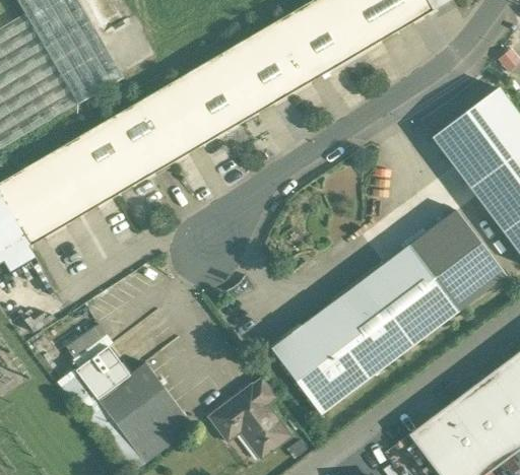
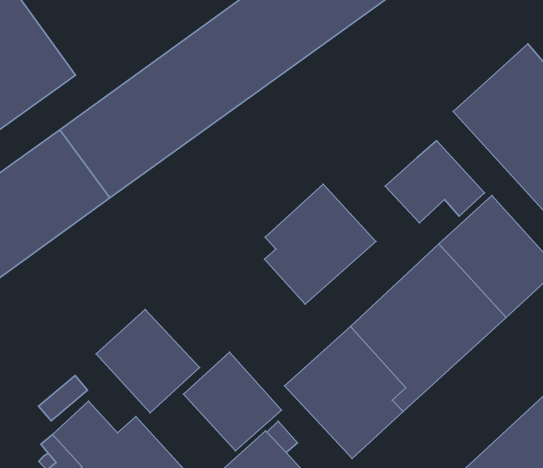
building: none -> [385,141,484,223]
building: none -> [265,184,376,304]
building: none -> [96,309,199,413]
building: none -> [183,352,282,451]

